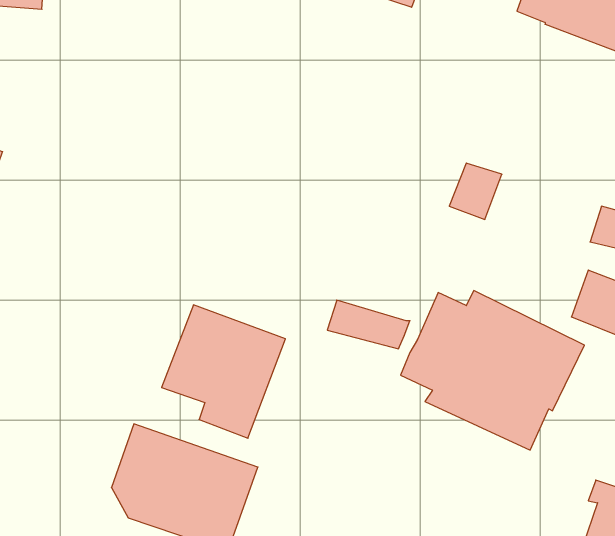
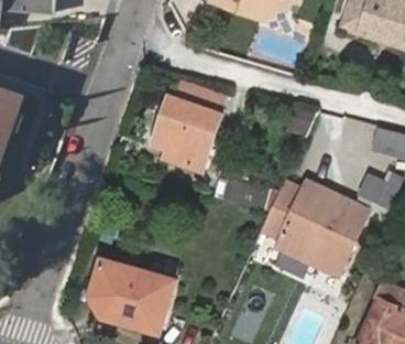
building: [162,305,285,438] -> [153,98,226,176]

